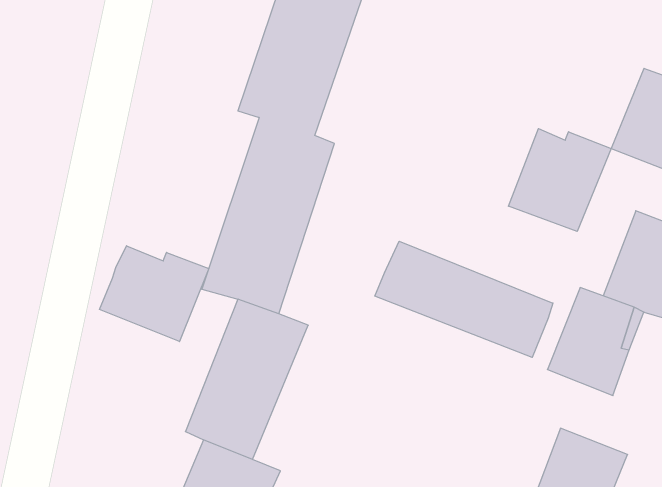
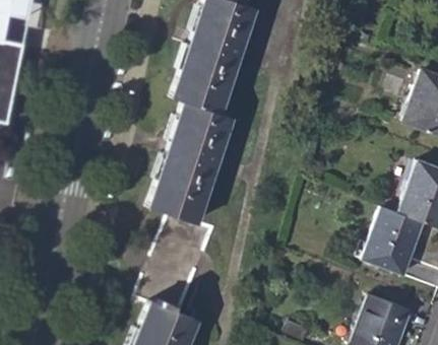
building: [508,129,611,231] -> none
building: [375,241,553,357] -> none
building: [99,246,209,342] -> none

